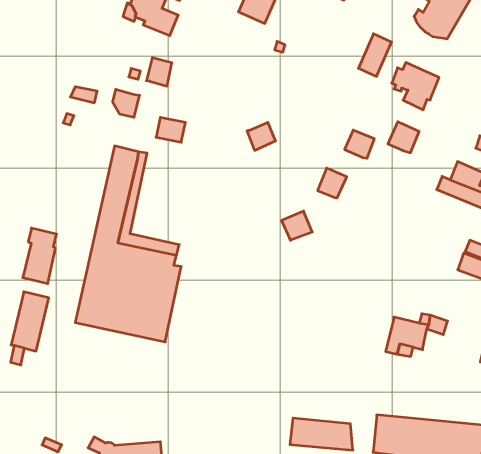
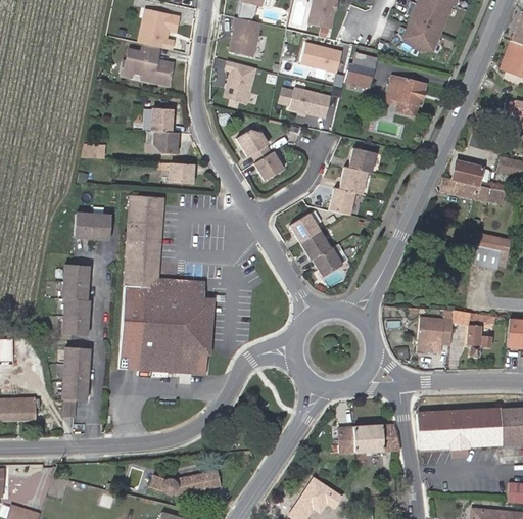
building: none -> [300,41,344,74]
building: none -> [225,61,257,103]
building: none -> [289,86,334,120]
building: [113,89,140,117] -> [153,130,178,153]
building: none -> [236,130,271,161]
building: [388,122,419,153] -> [339,164,367,192]
building: none -> [75,214,111,241]
building: none -> [289,213,319,242]
building: none -> [64,265,90,288]
building: none -> [312,247,341,276]
building: none -> [467,326,490,358]

